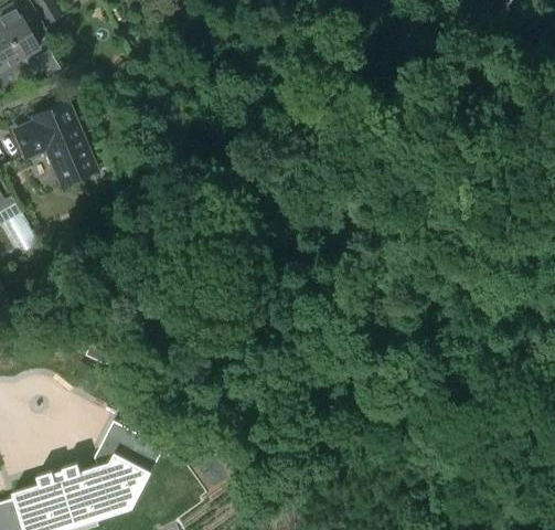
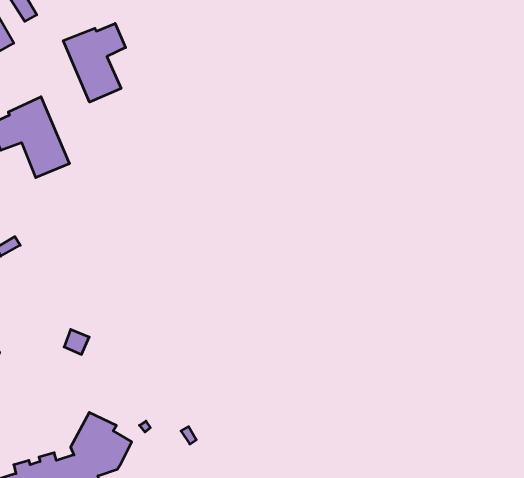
building: none -> [63,23,126,102]

